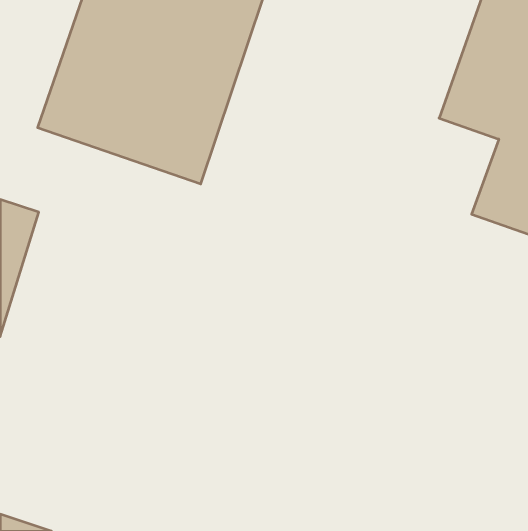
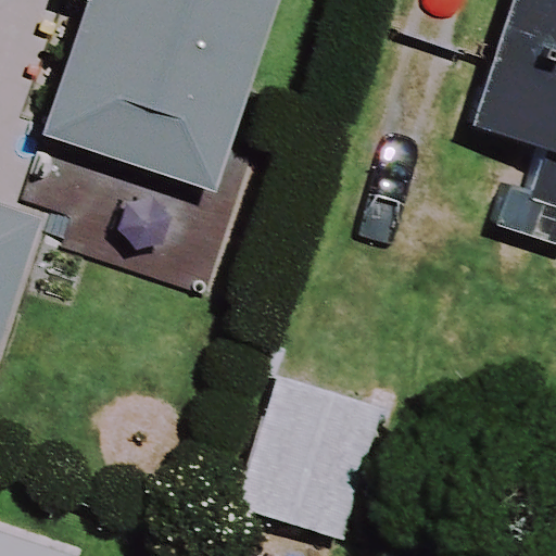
building: none -> [233,374,390,542]

